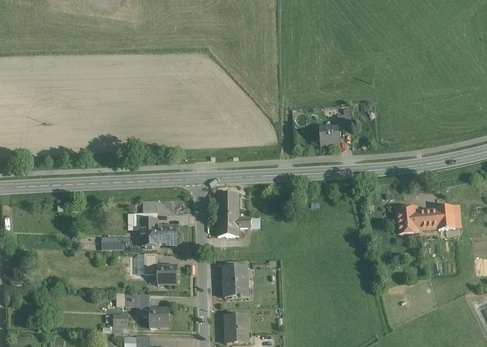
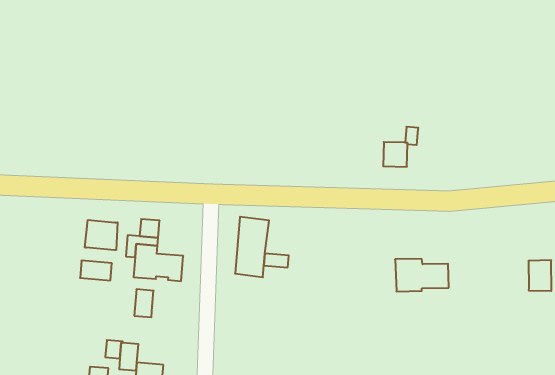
building: none -> [85,220,118,250]
building: [396,207,438,233] -> [395,259,449,291]
building: [157,265,177,284] -> none
building: [223,266,249,297] -> none

